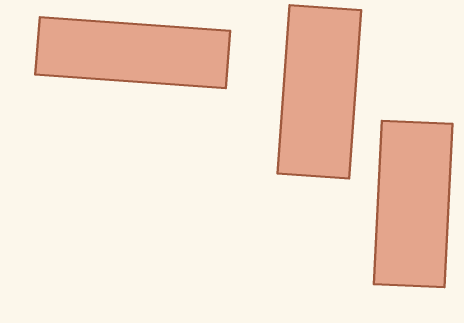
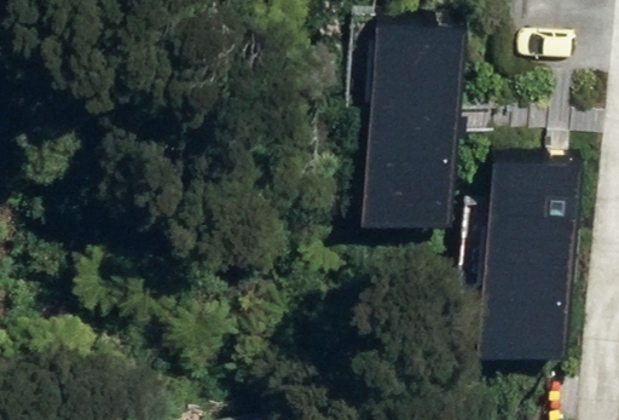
building: [35,17,230,88] -> none

